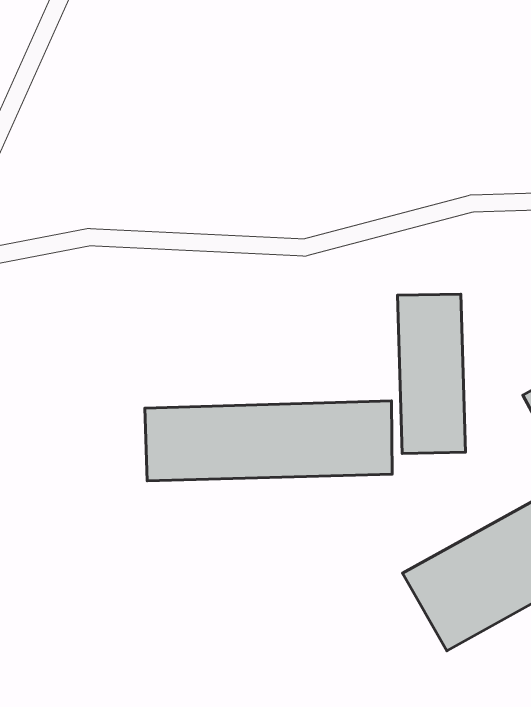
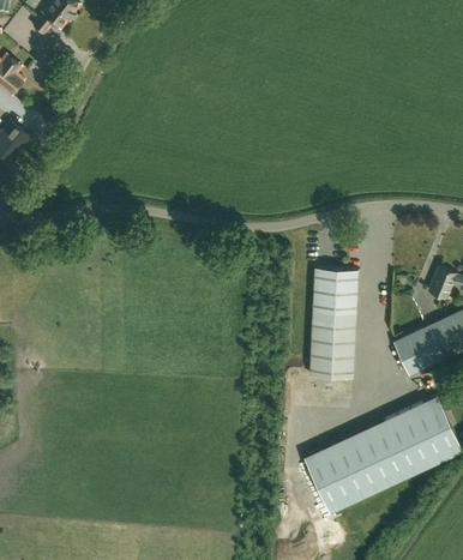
building: [145,401,392,481] -> none

